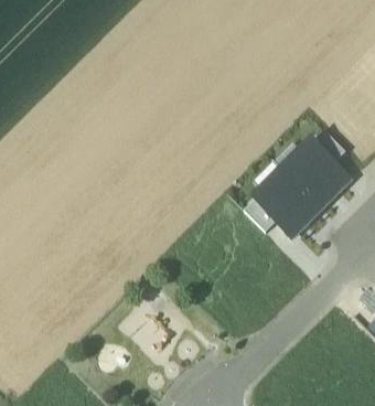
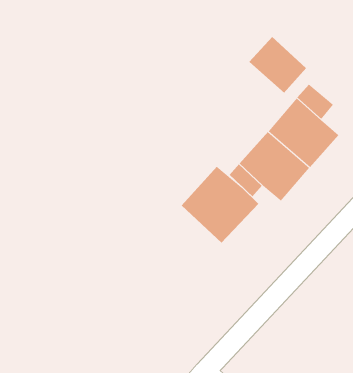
building: none -> [248,36,307,93]
building: none -> [181,166,259,244]

